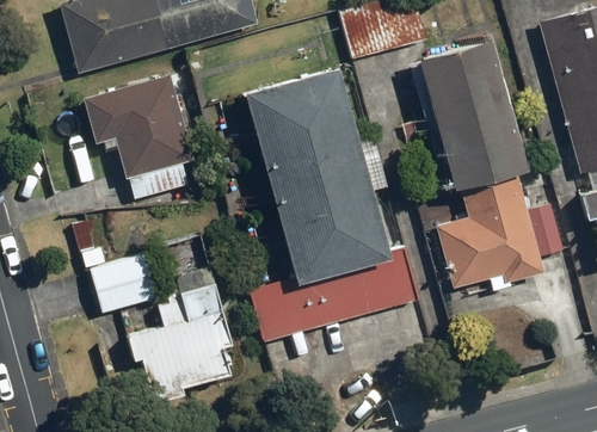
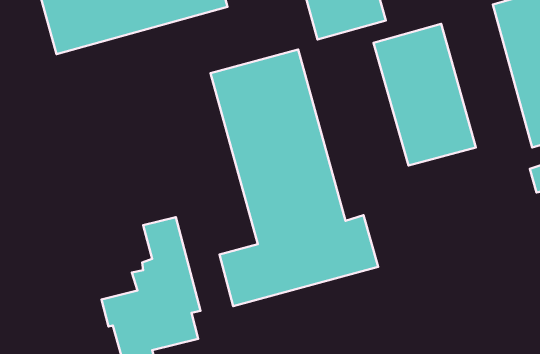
building: [84,73,195,197] -> none
building: [438,175,543,289] -> none
building: [91,252,160,311] -> none

